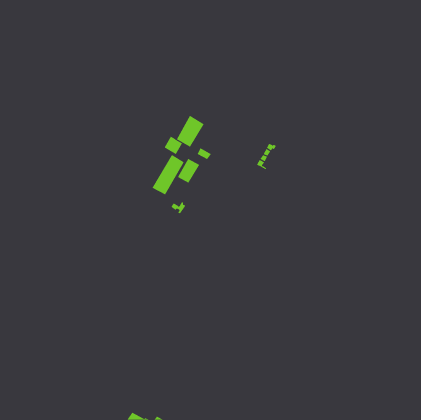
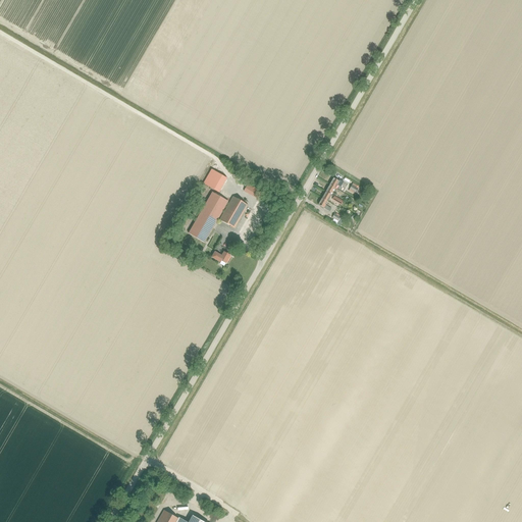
building: [176,115,204,148] -> none

